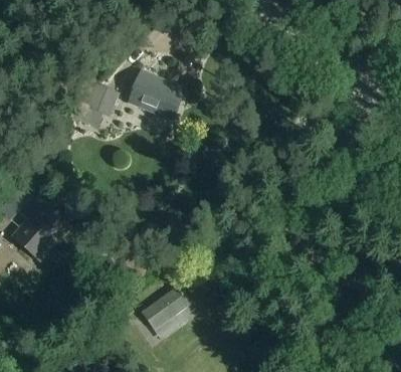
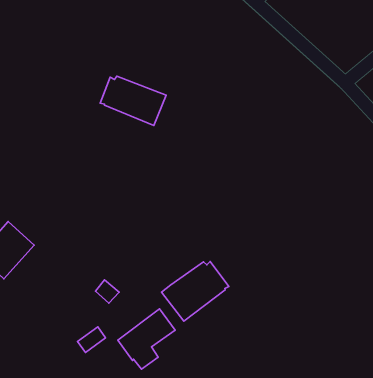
building: [81,84,115,118] -> none
building: none -> [162,261,229,321]

